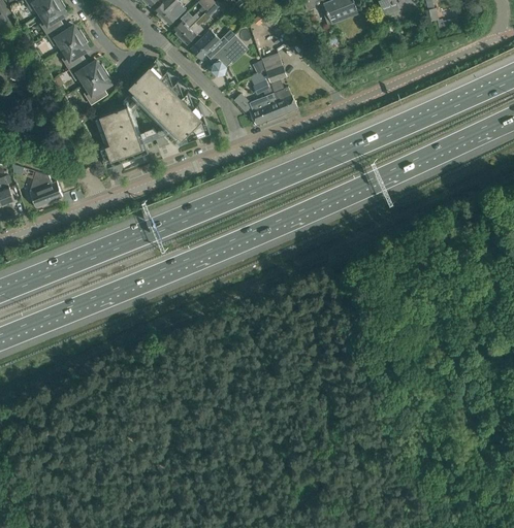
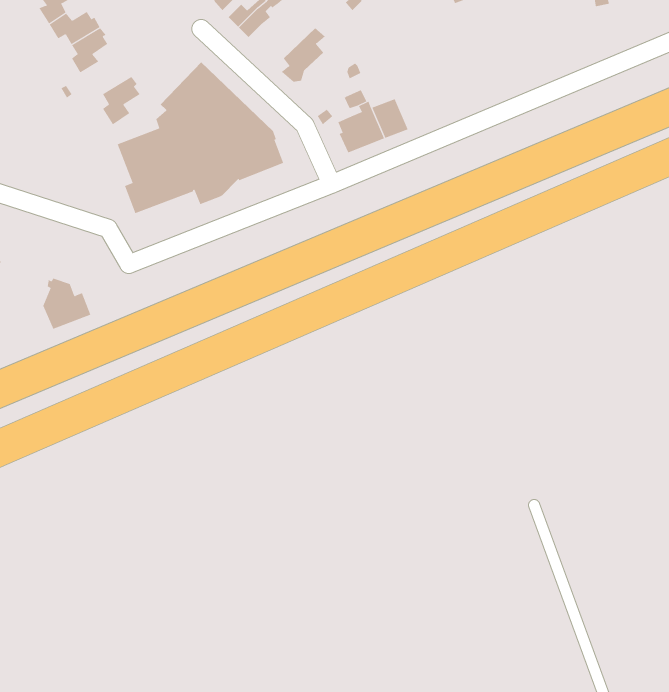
building: [190,27,227,58] -> none
building: [262,52,287,80] -> none
building: [68,60,104,82] -> none
building: [28,170,62,206] -> [42,278,91,330]

